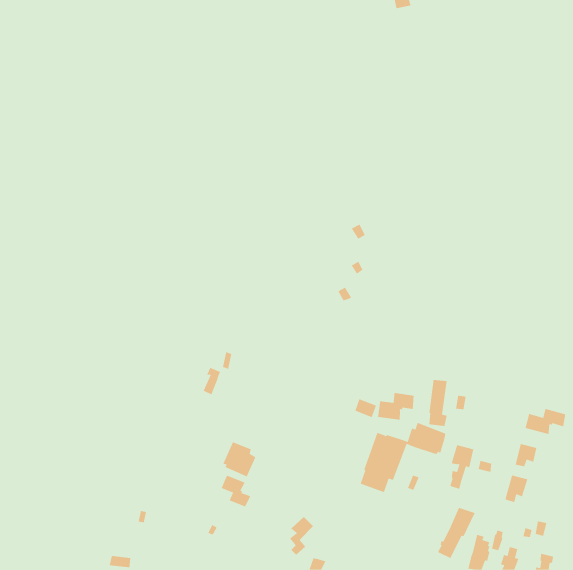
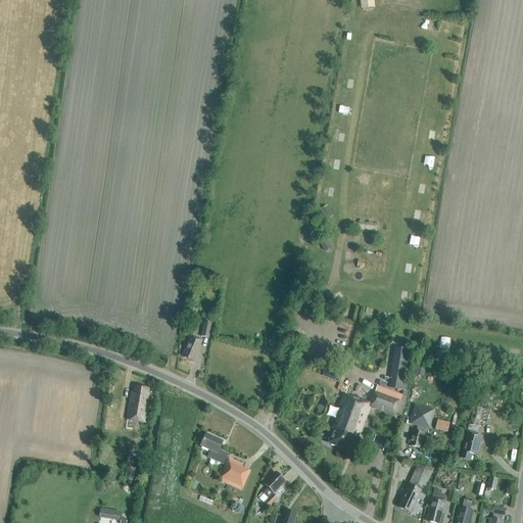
building: [378,392,414,421] -> none
building: [525,408,566,435] -> none
building: none -> [128,386,149,422]
building: [222,441,256,477] -> [220,457,250,489]

